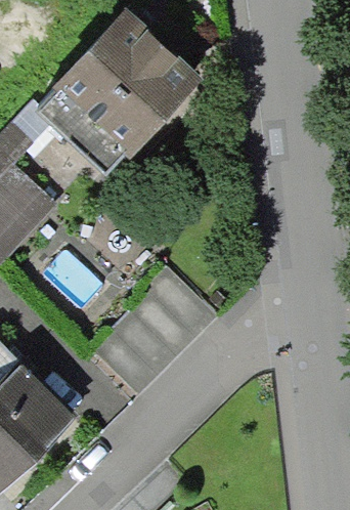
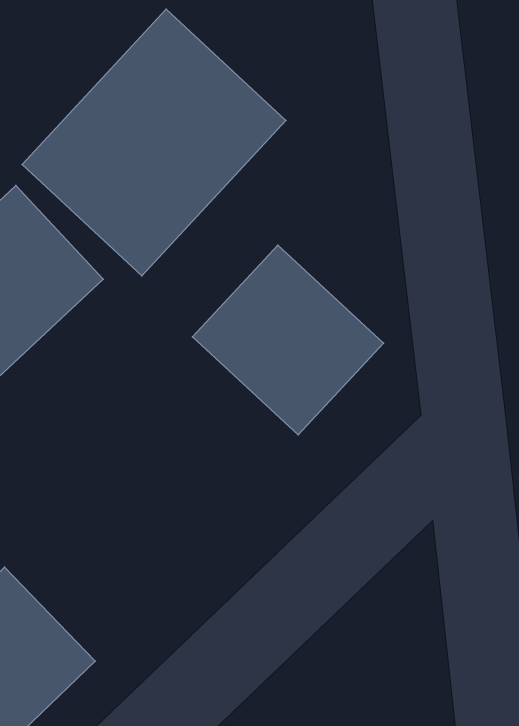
building: none -> [193,245,384,435]

